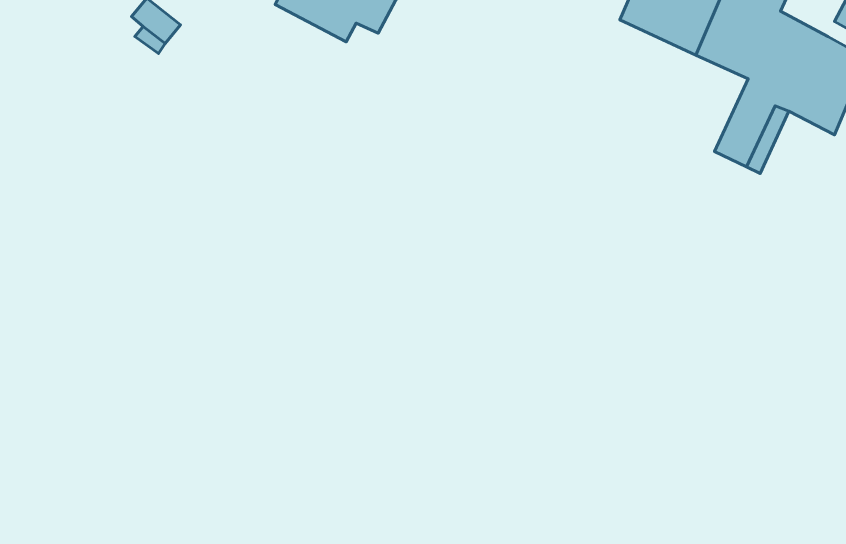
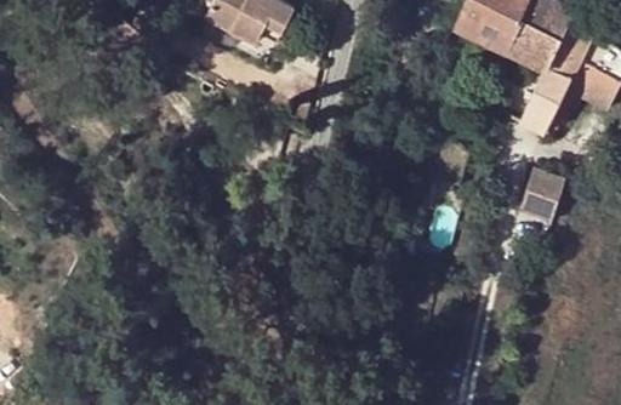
building: none -> [517,169,562,221]

